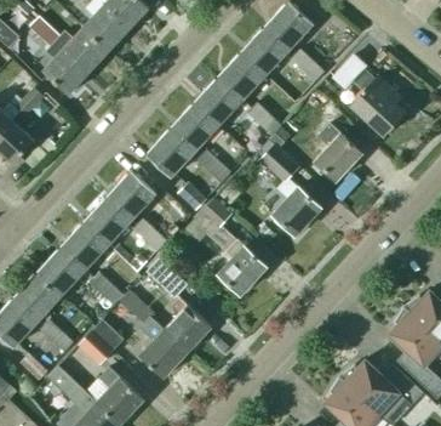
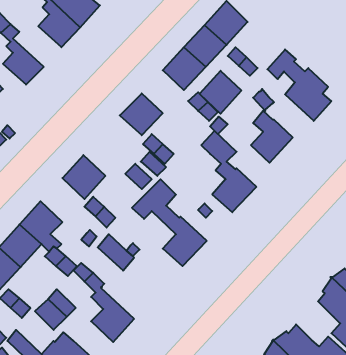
building: [53,30,107,75] -> none
building: [195,79,241,126] -> [200,71,241,114]
building: [148,129,195,177] -> none
building: [84,198,132,246] -> none
building: [150,300,211,353] -> none

